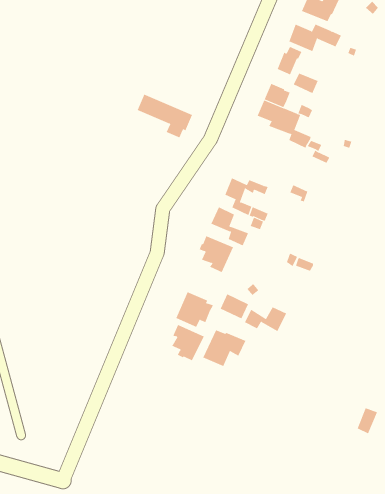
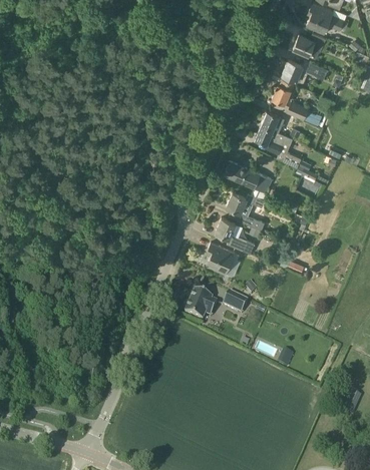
building: [137,94,193,138] -> [224,160,272,198]
building: [244,306,287,332] -> none
building: [171,324,205,361] -> none
building: [202,330,246,367] -> none

